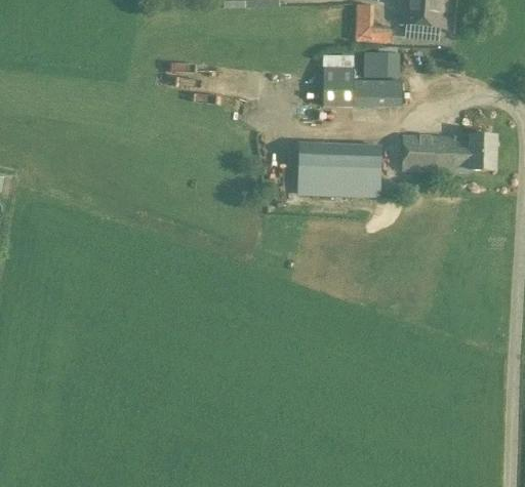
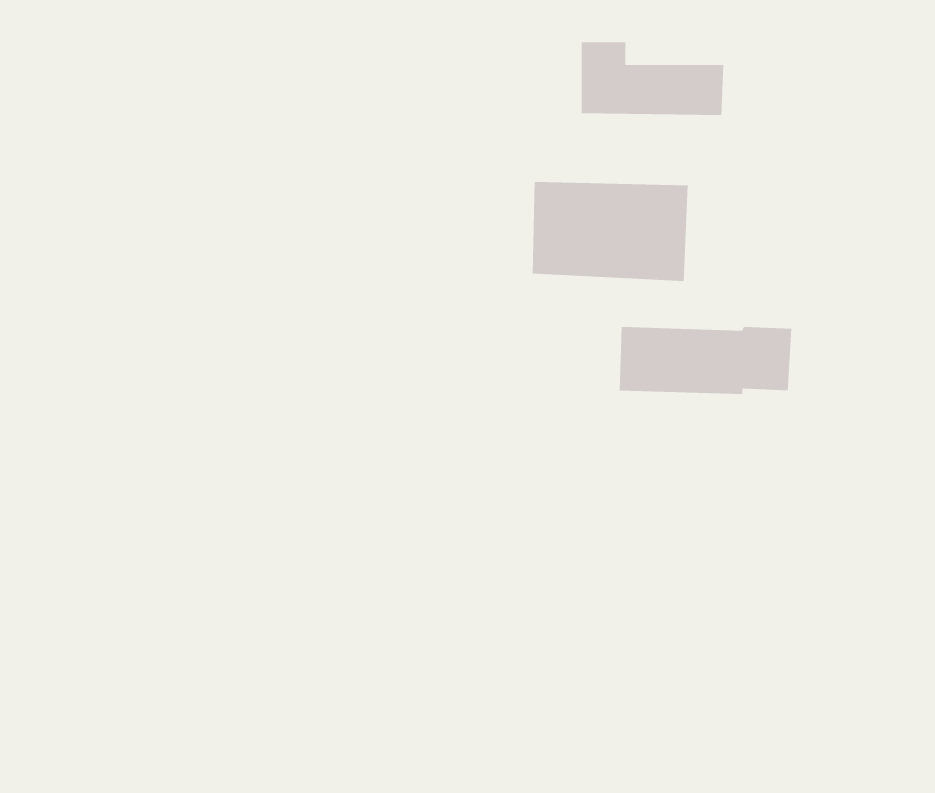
building: [364,51,400,77] -> none
building: [404,134,498,171] -> [619,327,792,395]

